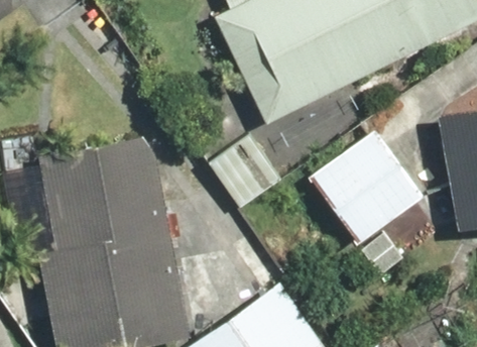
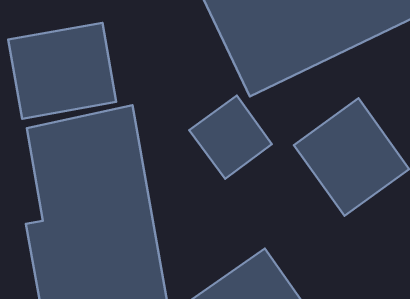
building: none -> [8,23,116,119]

